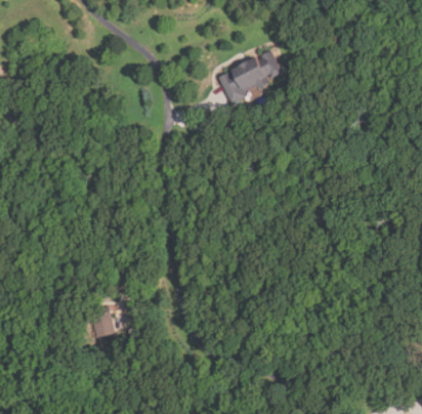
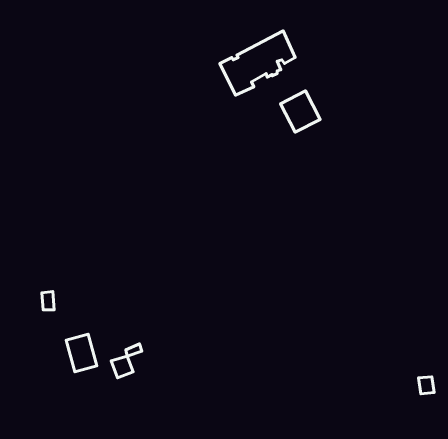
building: none -> [280,91,320,132]

